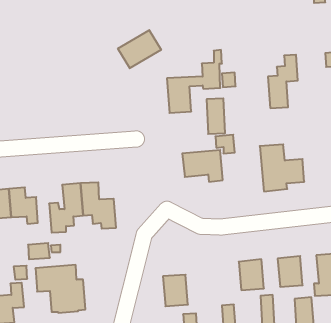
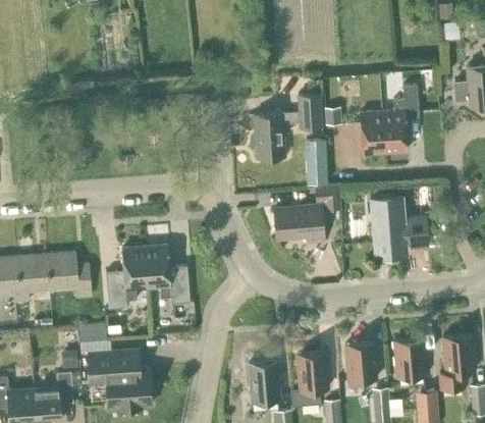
building: [118,30,161,68] -> none
building: none -> [359,112,384,154]
building: none -> [291,353,328,406]

